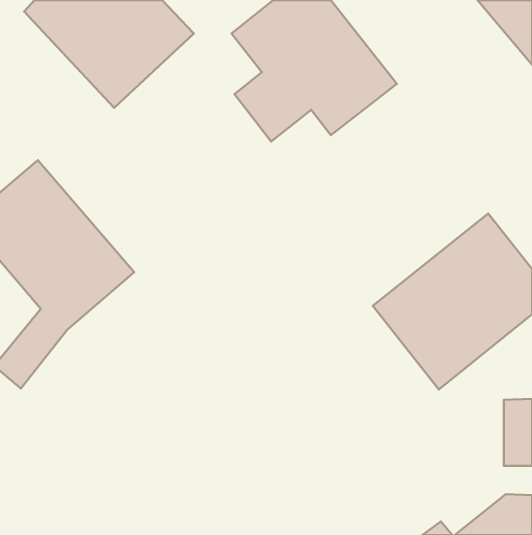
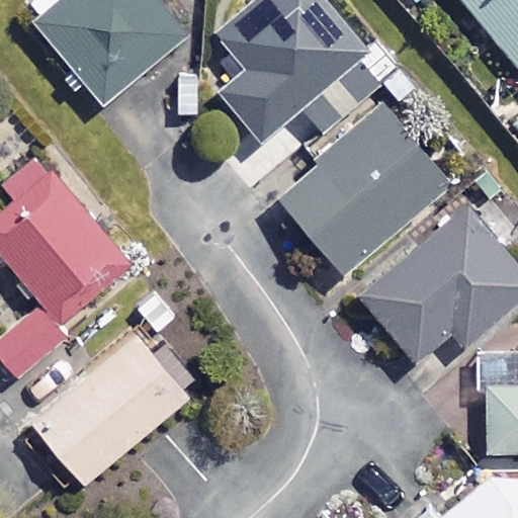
building: none -> [280,108,449,272]
building: none -> [31,336,187,485]

